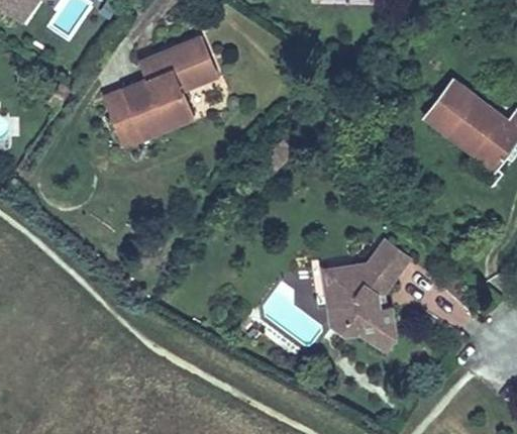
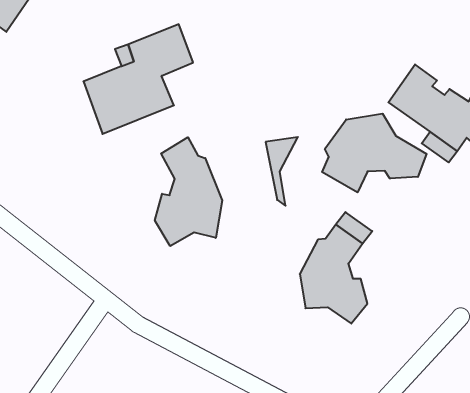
building: none -> [322,114,427,192]
building: none -> [155,137,222,246]
building: [316,262,350,335] -> [266,137,298,206]

